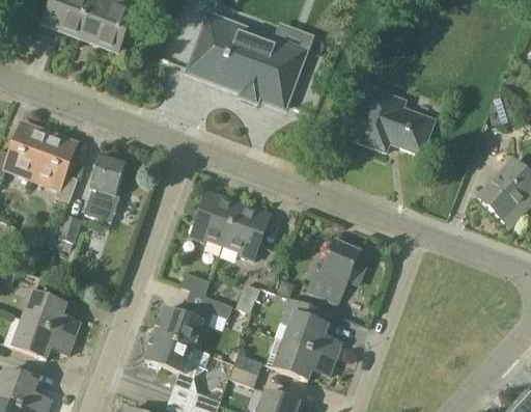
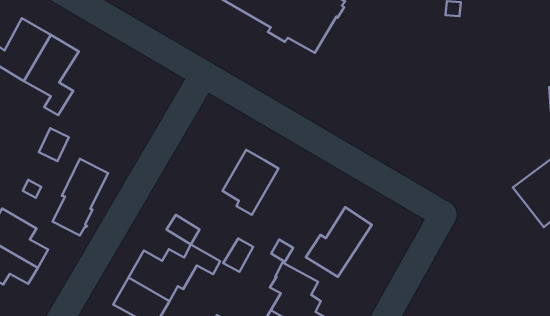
building: [352,87,434,154] -> none
building: [85,153,127,220] -> [53,159,108,236]
building: [191,191,239,243] -> none

